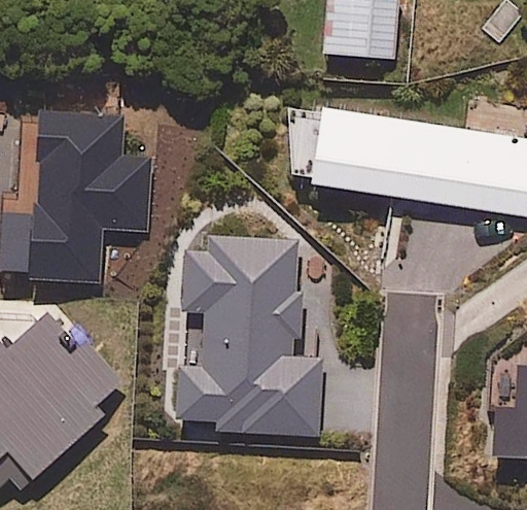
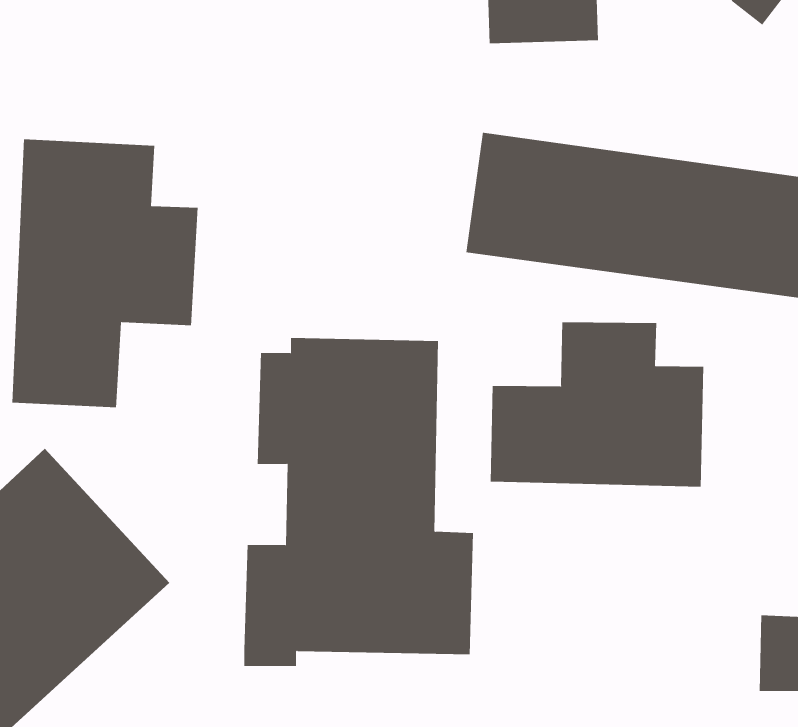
building: none -> [490,321,704,488]

